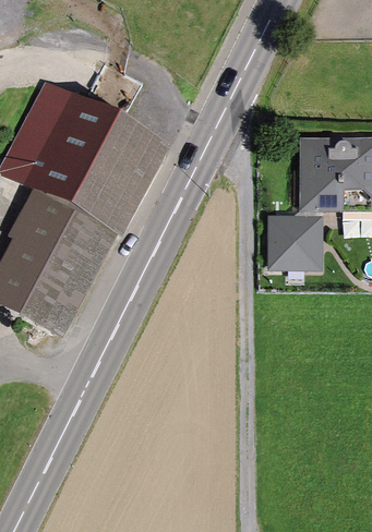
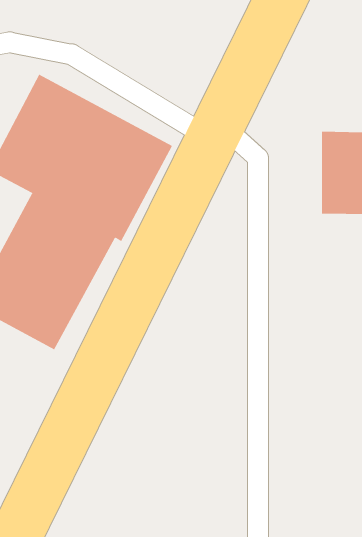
building: [267,214,324,269] -> none

